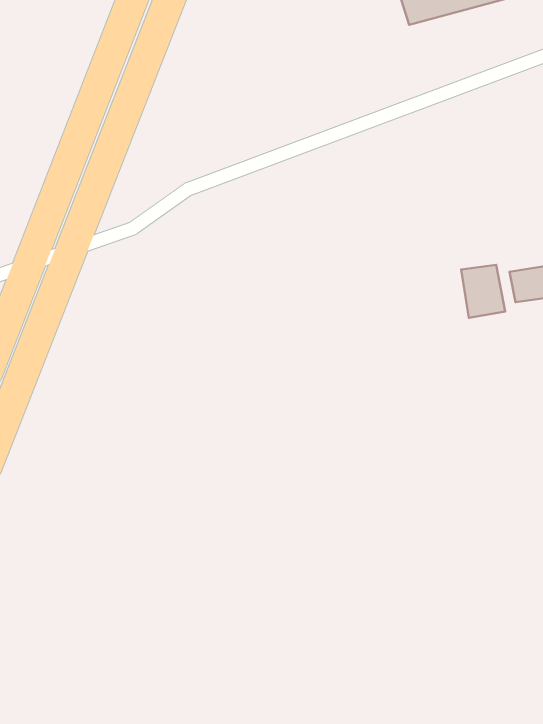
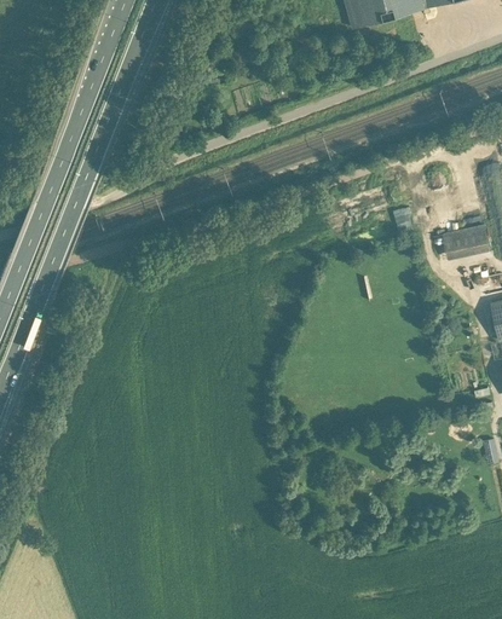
building: [461,265,505,318] -> none

